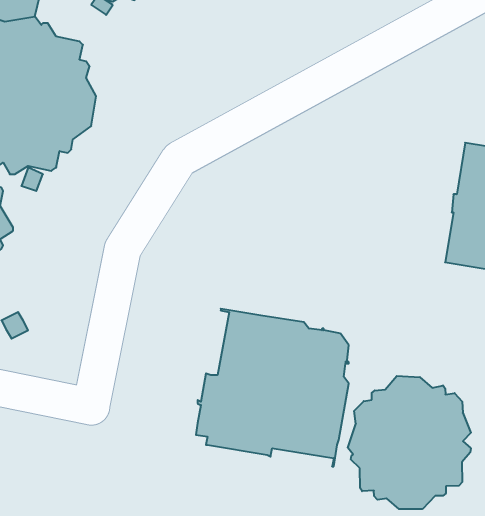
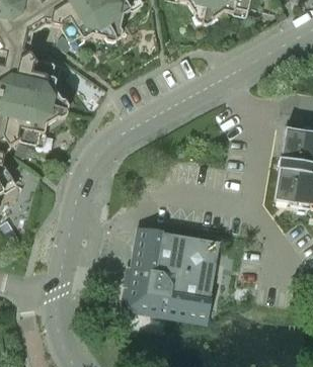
building: [348,376,471,509] -> none

